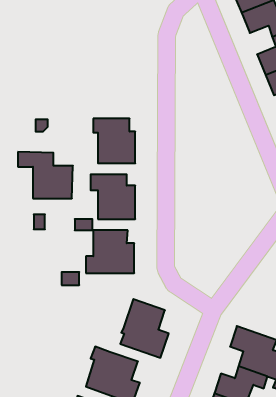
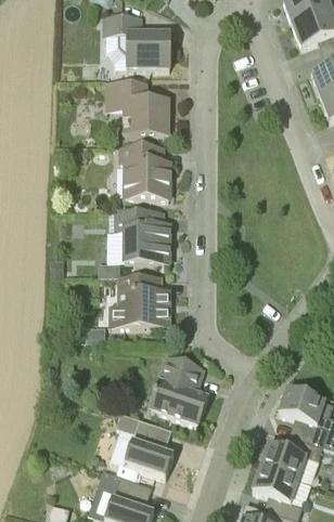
building: none -> [105,16,170,67]
building: [18,152,73,198] -> [106,79,170,133]

